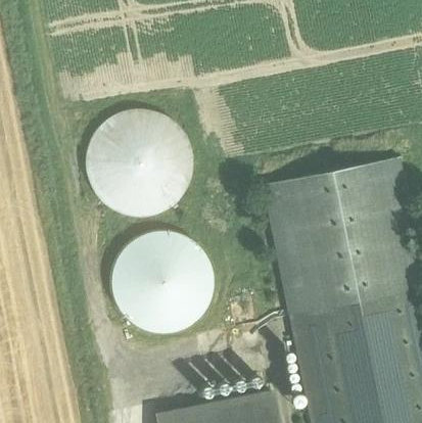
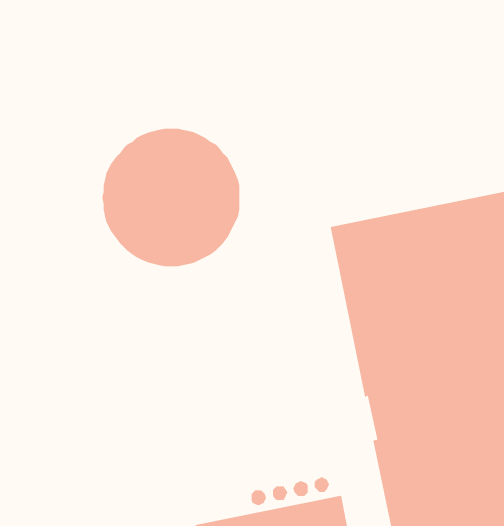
building: [110,232,212,334] -> none

